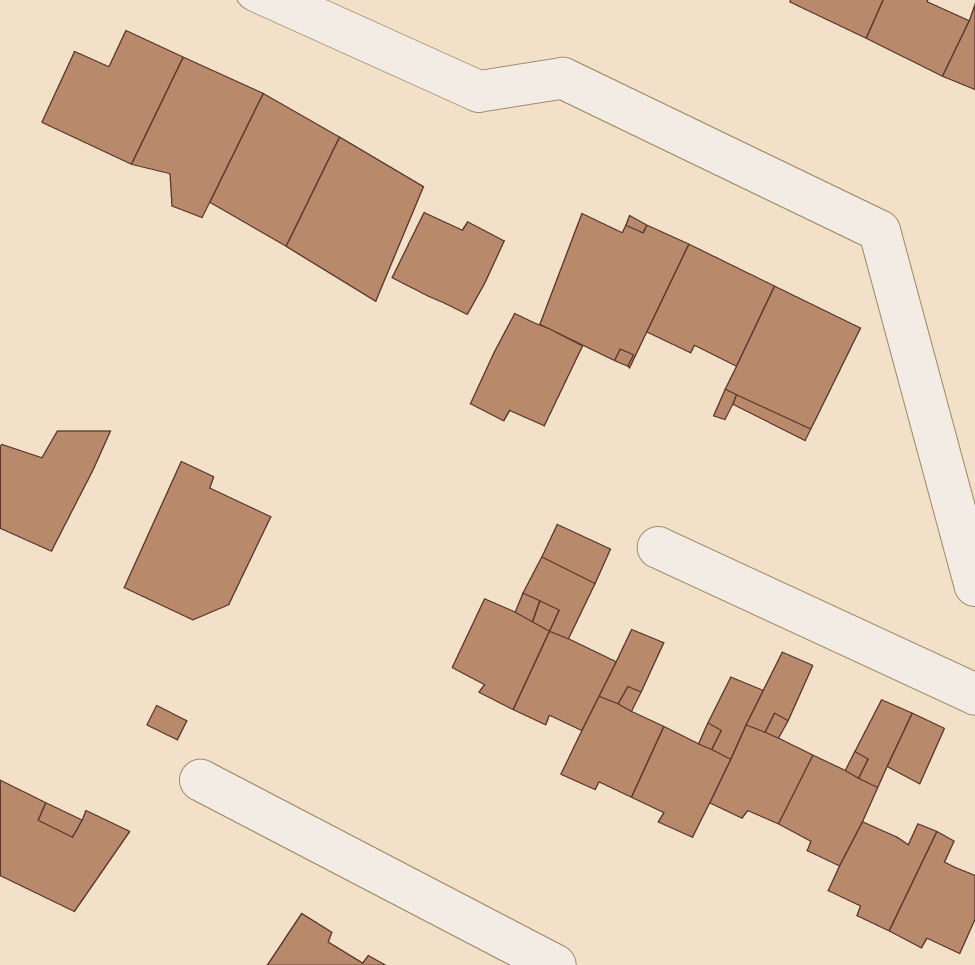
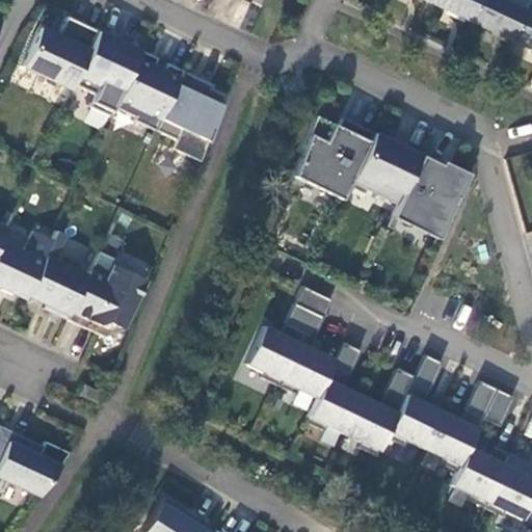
building: [392,212,504,314] -> none
building: [471,313,583,426] -> none
building: none -> [28,256,88,320]

